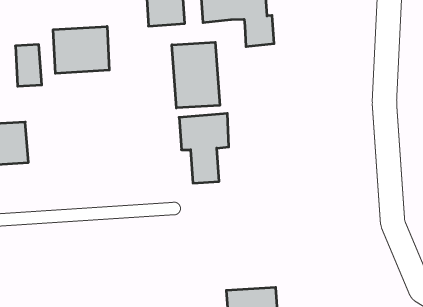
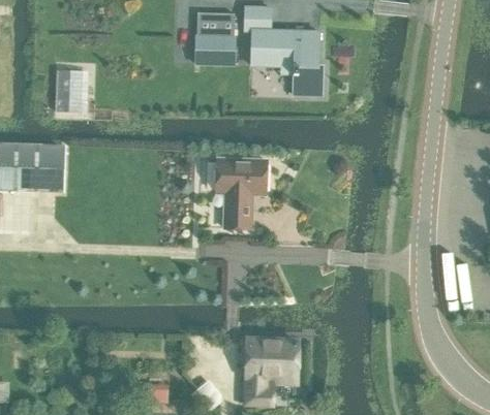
building: [53,26,109,73] -> none
building: [172,42,220,108] -> none

